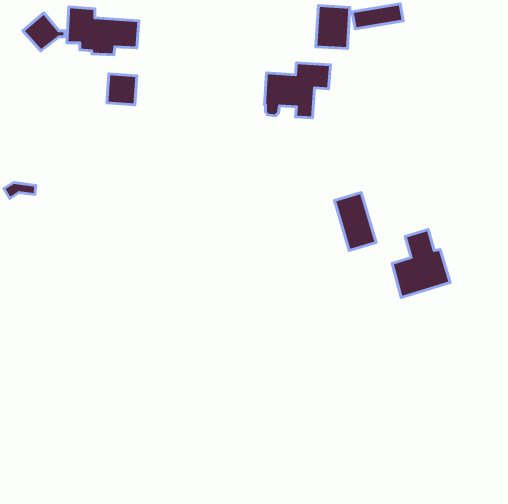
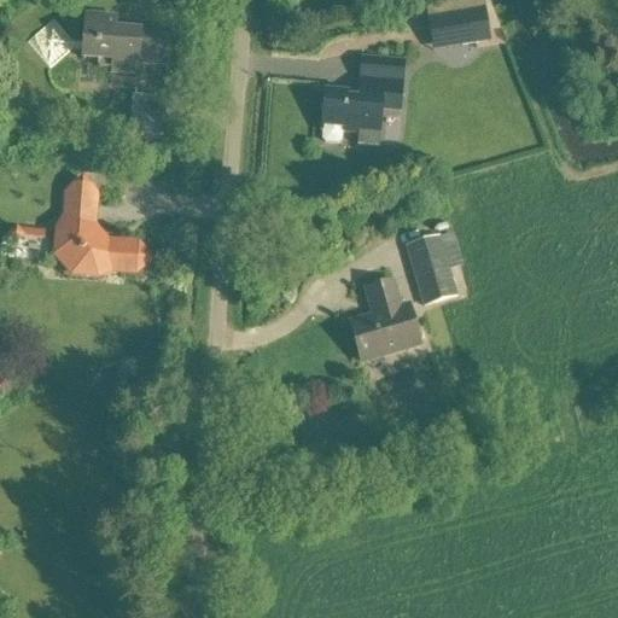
building: [316,6,350,49] -> none
building: none -> [56,175,152,274]
building: [392,229,450,297] -> [351,278,421,360]

